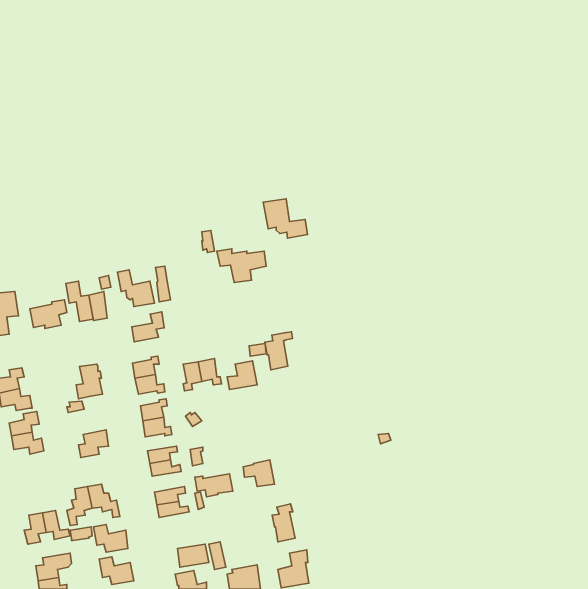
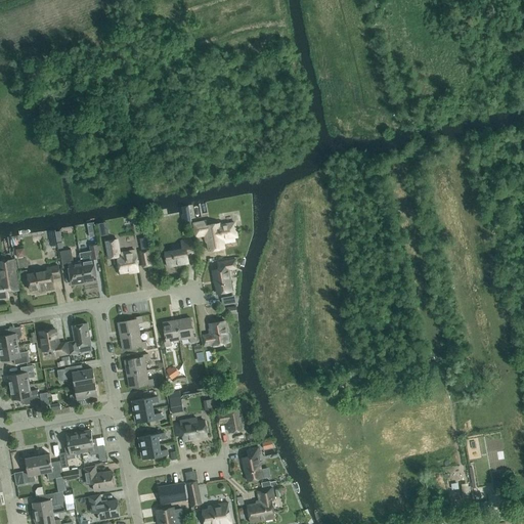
building: [263,199,308,238] -> none
building: [132,312,164,342] -> [165,239,193,266]
building: [265,332,293,370] -> [211,260,235,294]
building: none -> [39,329,68,356]
building: none -> [64,364,94,386]

